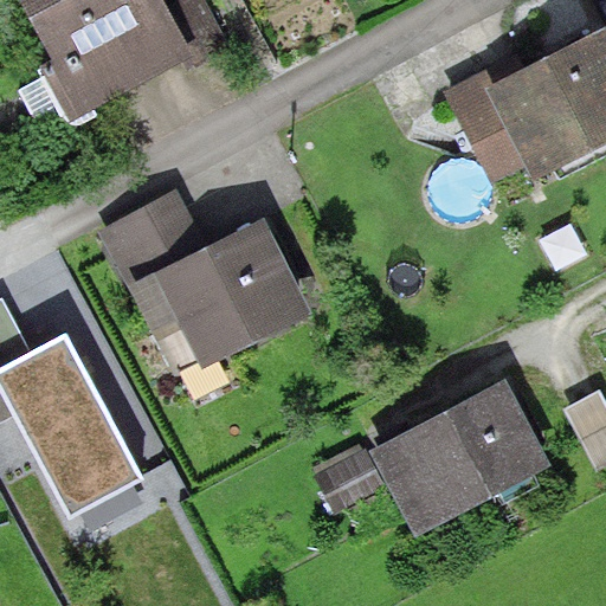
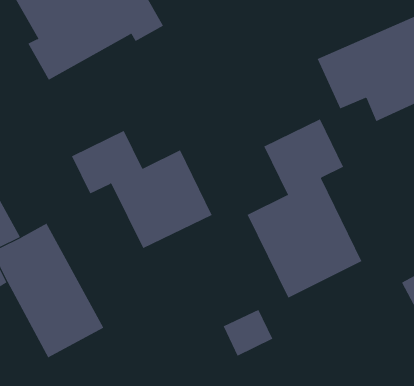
building: none -> [247,119,362,298]
building: [375,387,548,539] -> none

